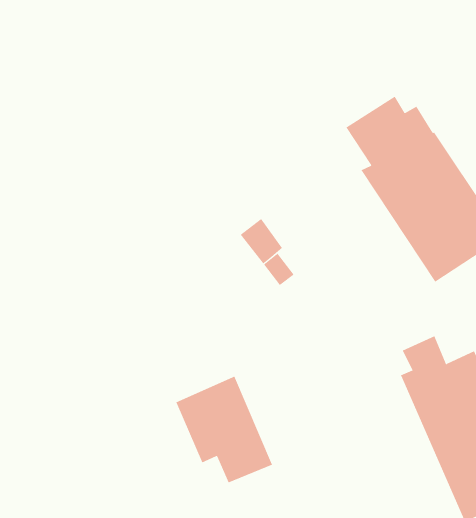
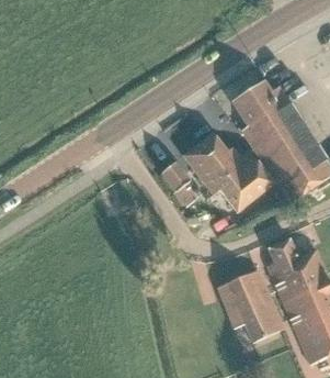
building: none -> [182,132,273,210]
building: [175,376,273,483] -> [217,269,282,341]

